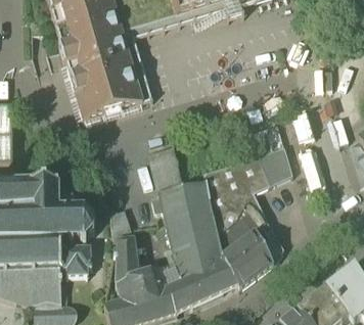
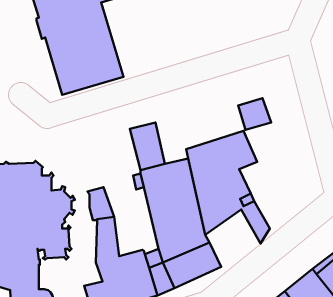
building: [259,146,293,184] -> none
building: [222,230,275,289] -> none

